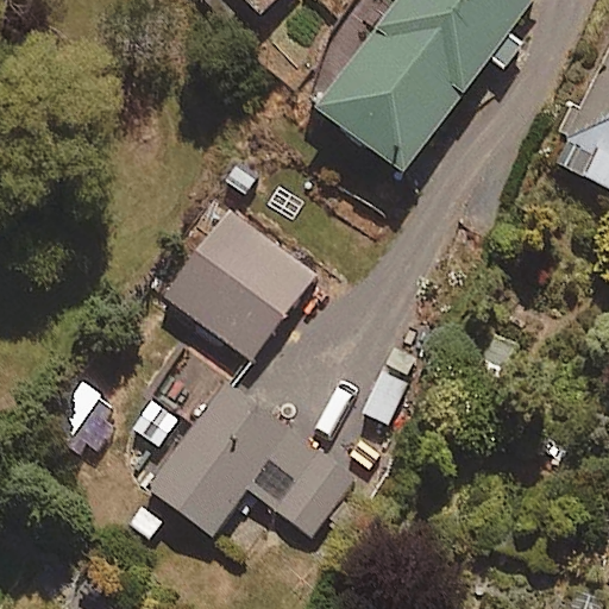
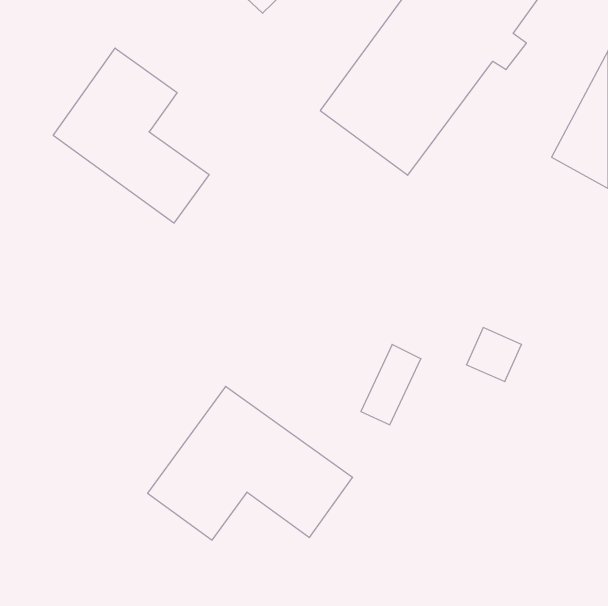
building: none -> [53,48,209,223]
building: [164,211,313,360] -> none

